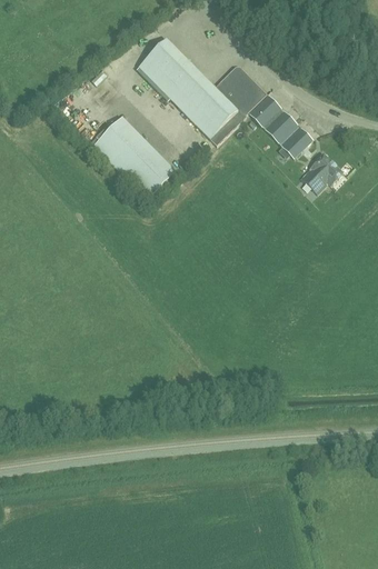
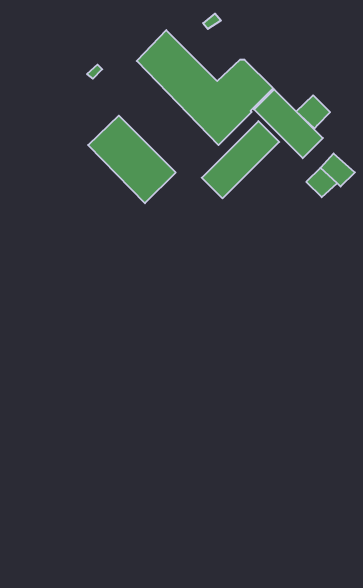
building: none -> [296,95,330,129]
building: none -> [202,121,279,198]

